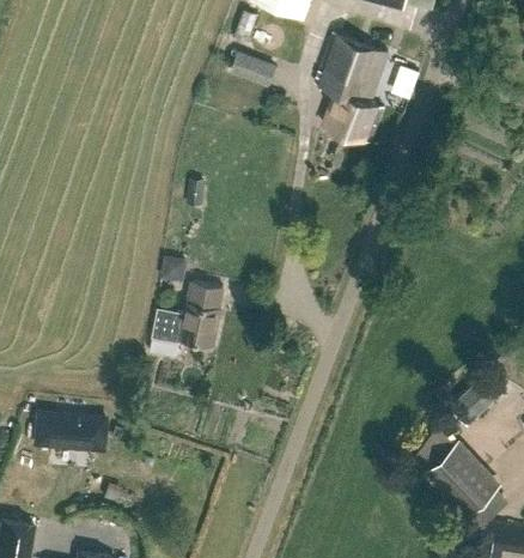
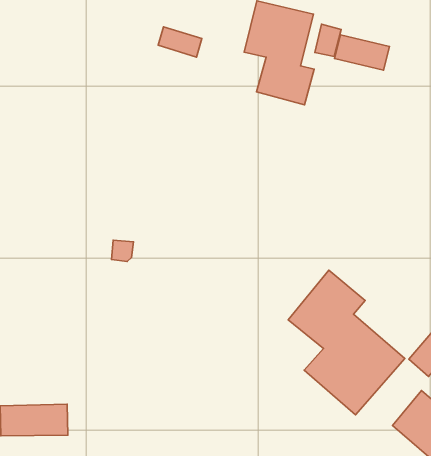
building: none -> [334,35,390,70]
building: [153,281,224,345] -> none
building: none -> [288,270,405,415]

